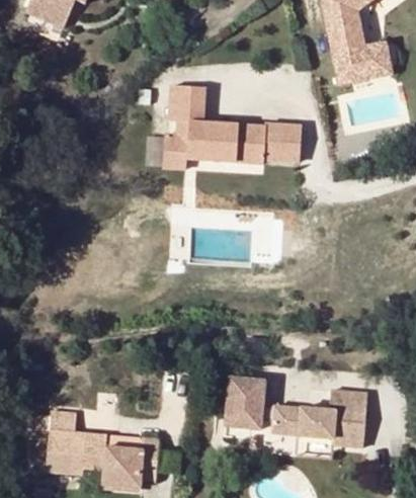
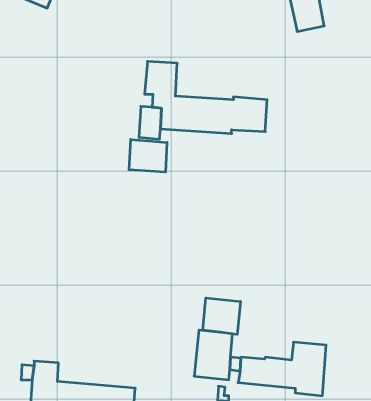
building: [335,43,392,83] -> none
building: none -> [129,139,167,172]
building: none -> [203,298,240,334]

